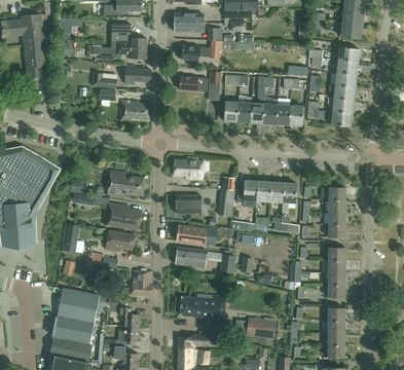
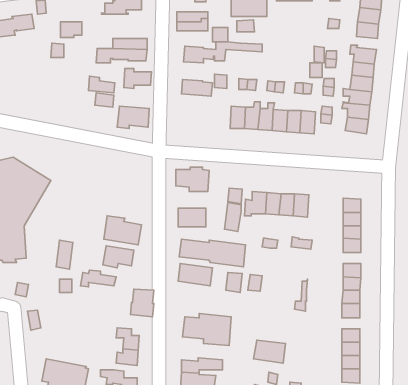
building: [23,28,49,77] -> none
building: [107,171,143,195] -> none
building: [52,288,107,342] -> none

